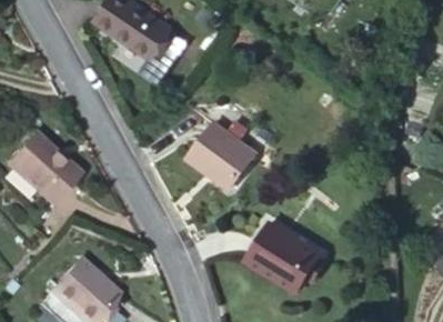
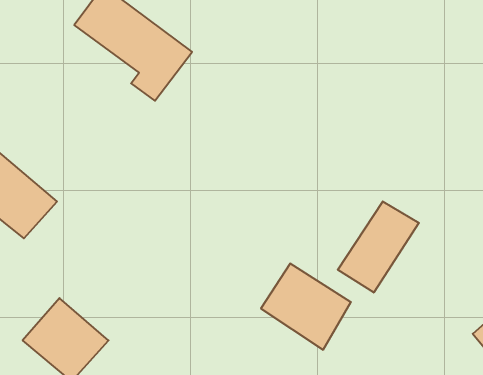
building: [188,121,258,189] -> none
building: none -> [338,201,419,293]

